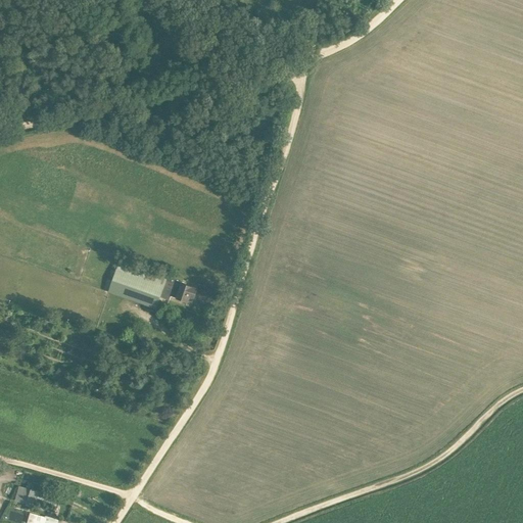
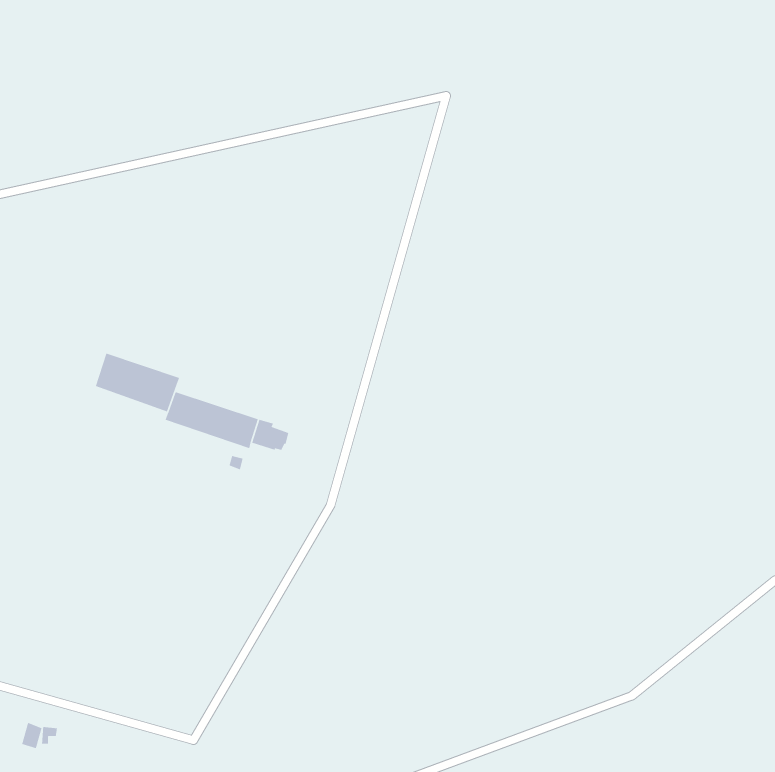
building: none -> [95,352,180,412]

